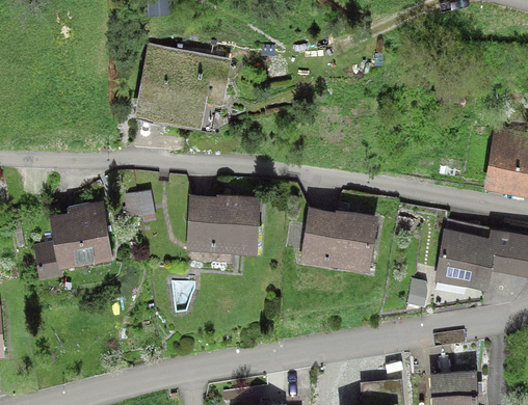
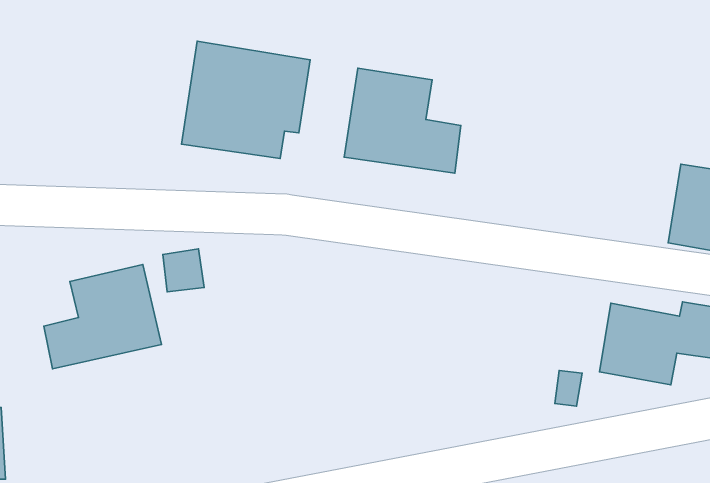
building: none -> [344,68,461,173]
building: [188,197,262,260] -> none
building: [302,206,380,273] -> none

